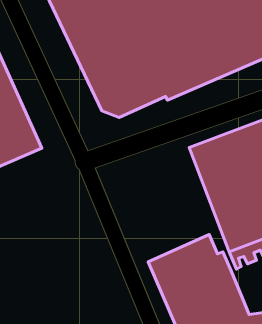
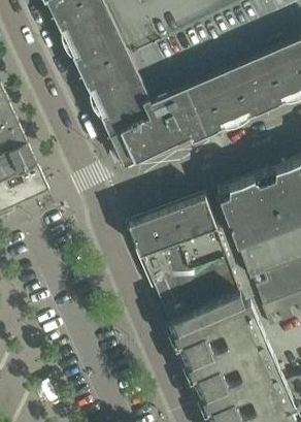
building: none -> [129,196,239,322]

